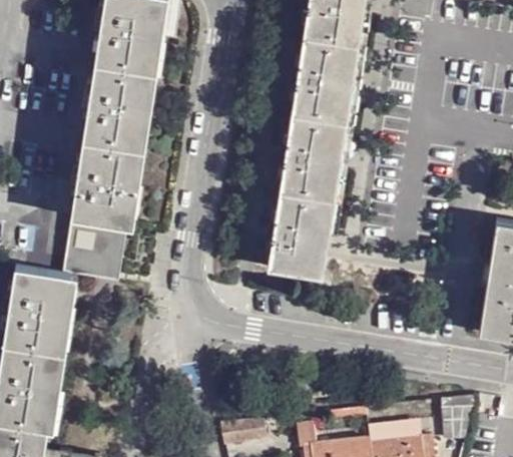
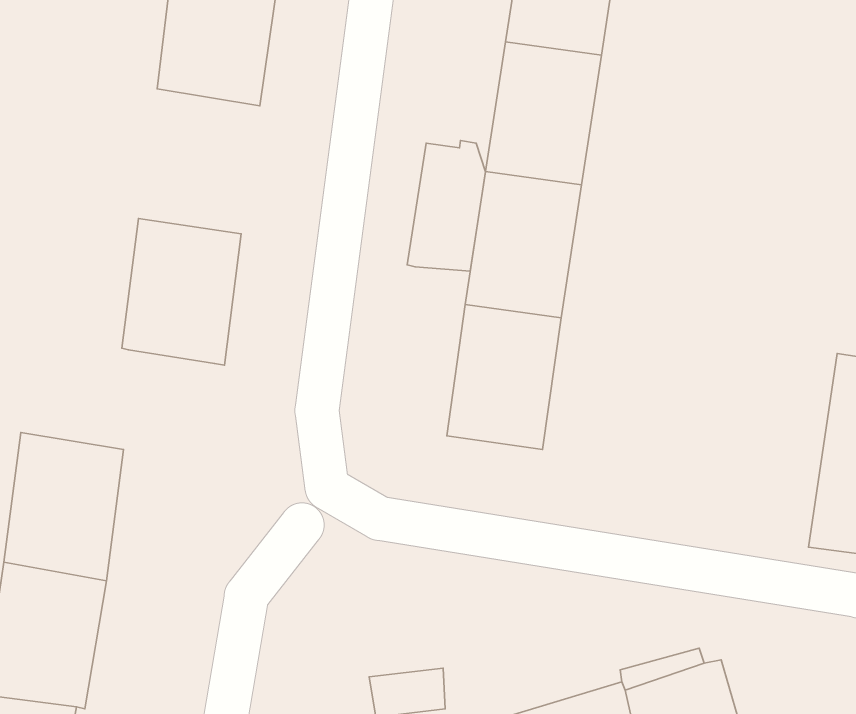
building: [83,69,155,155] -> none
building: none -> [407,141,485,271]
building: [70,224,128,283] -> none
building: [442,392,473,435] -> none

